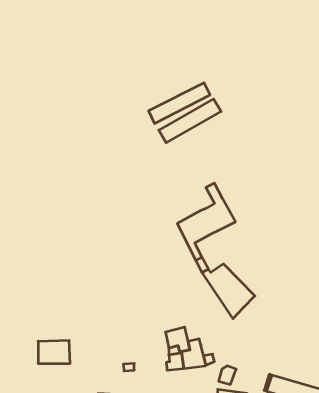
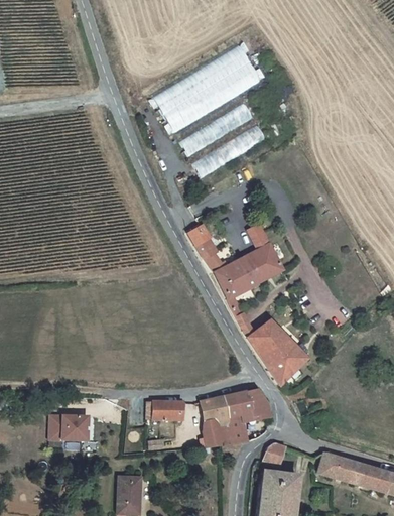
building: none -> [152,44,262,130]
building: none -> [189,225,218,258]
building: none -> [224,387,270,417]
building: none -> [148,401,181,419]

